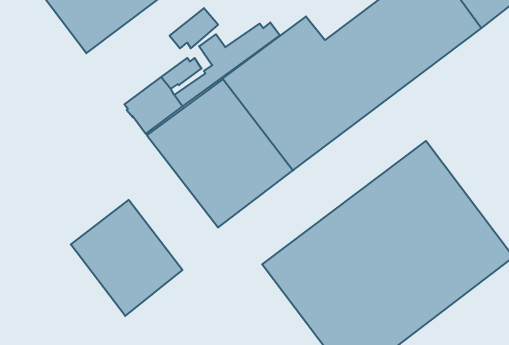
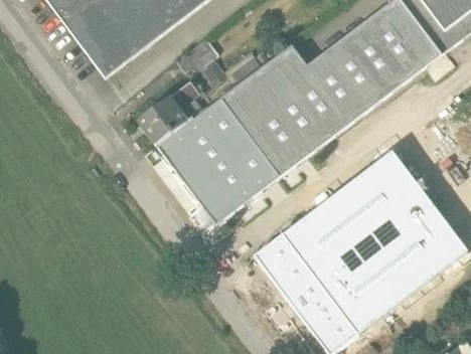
building: [71,200,182,316] -> none

